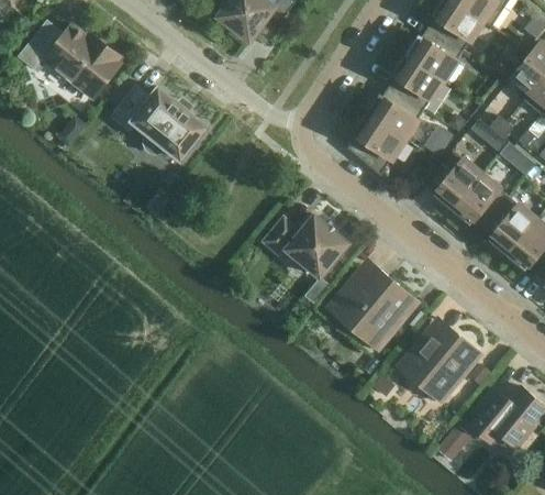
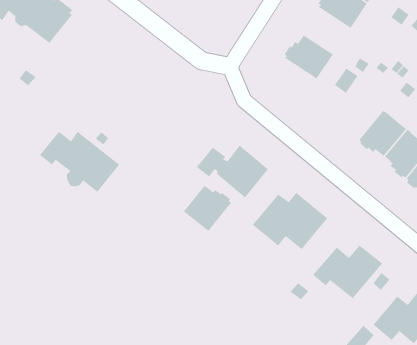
building: [389,54,444,109] -> none
building: [113,87,208,160] -> [39,131,120,193]
building: [348,113,404,175] -> none
building: [426,150,481,209] -> none
building: none -> [183,185,232,232]

